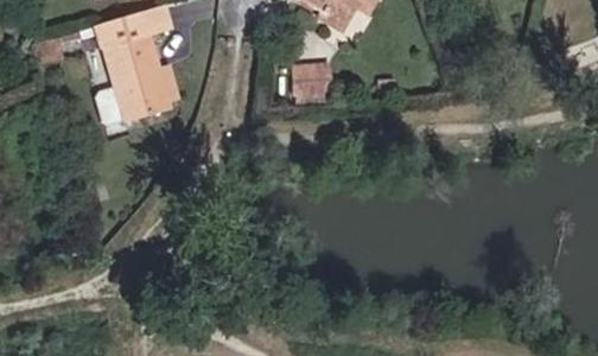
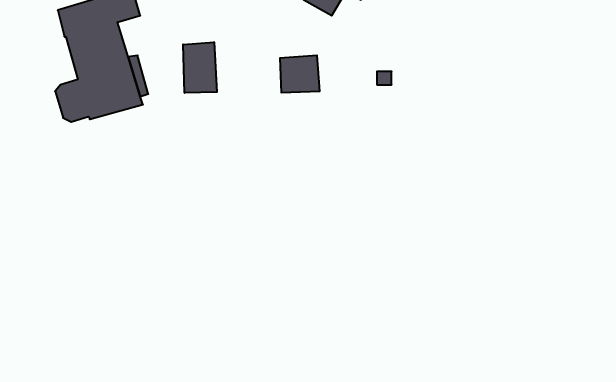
building: none -> [183,42,217,93]

